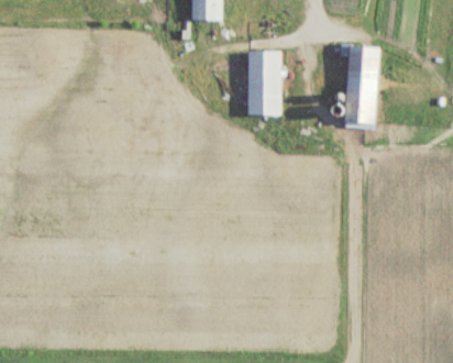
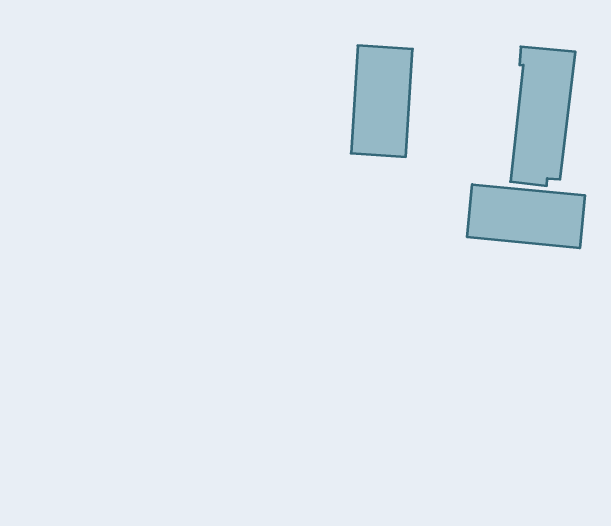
building: none -> [467,184,585,248]

